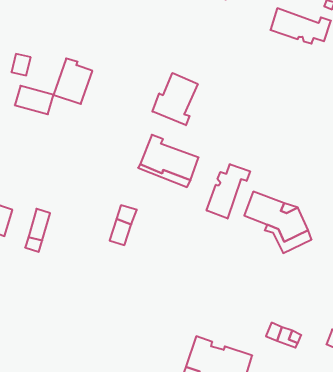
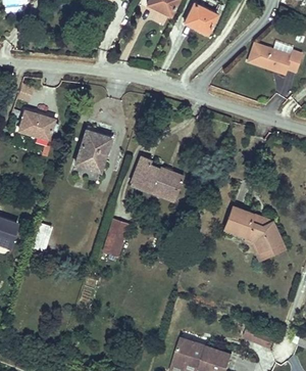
building: [54,58,92,104] -> [75,130,110,171]
building: [152,73,198,125] -> none
building: [207,164,250,219] -> none

